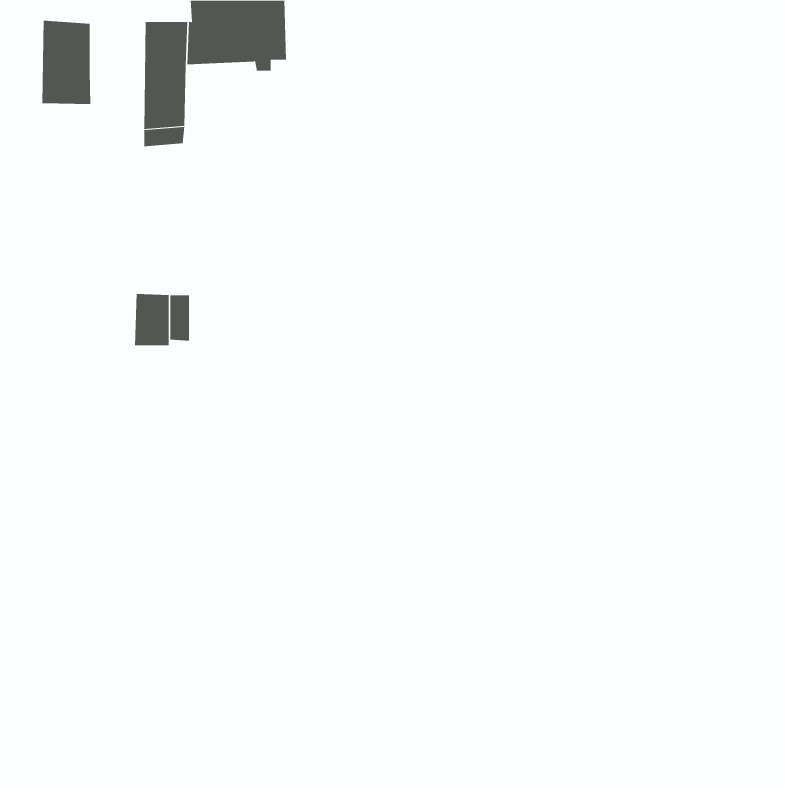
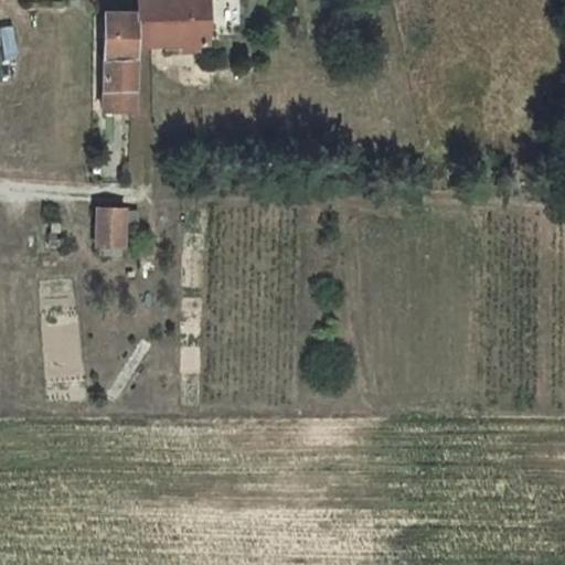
building: [42,20,91,105] -> none

